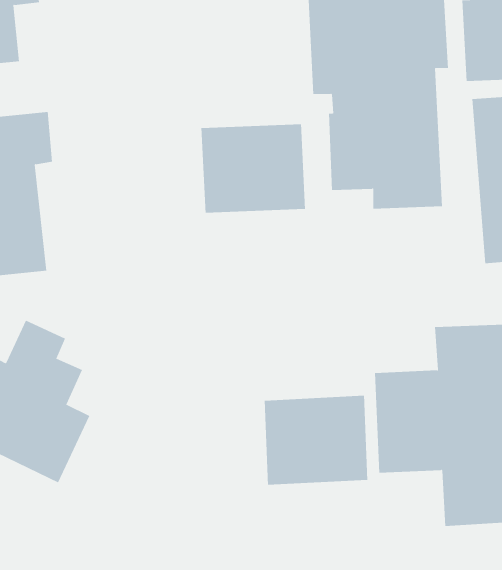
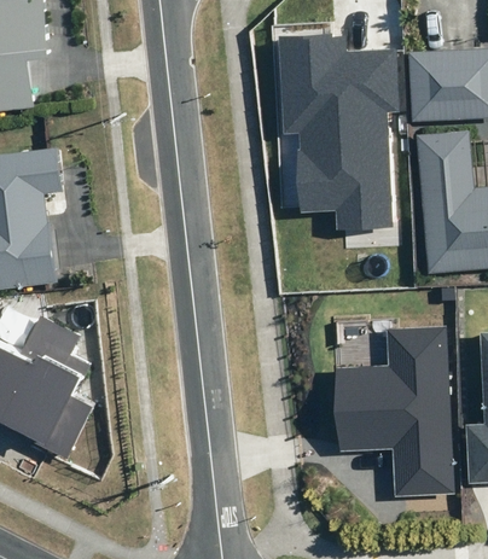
building: [201,123,306,214] -> none
building: [264,395,368,486] -> none

